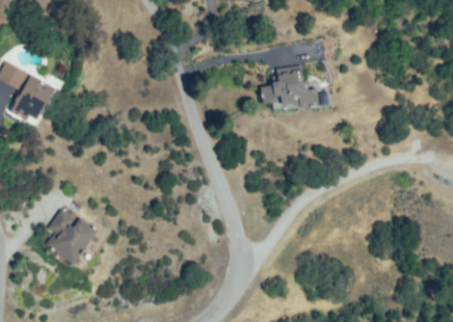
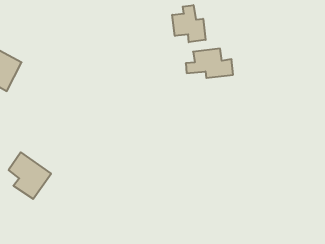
building: none -> [172,5,206,42]

